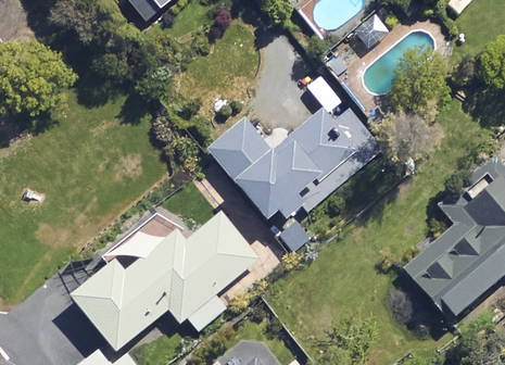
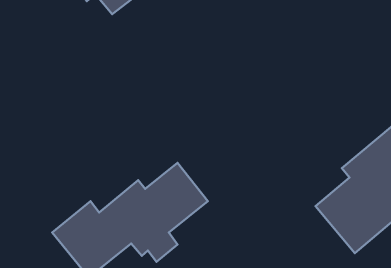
building: [206,109,384,260] -> none

